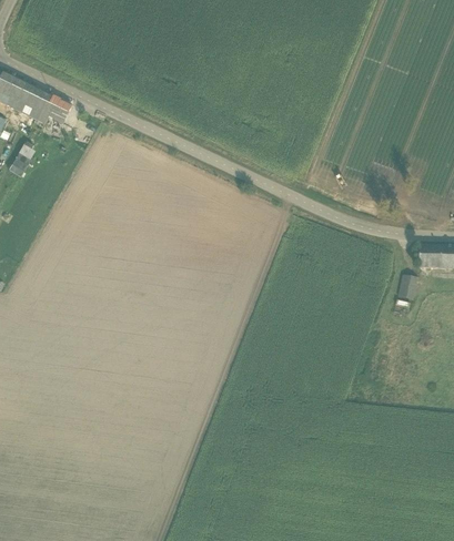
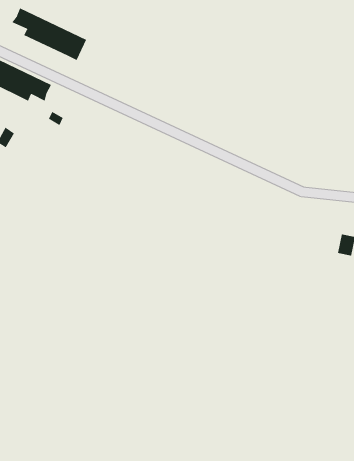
building: none -> [11,8,87,61]

